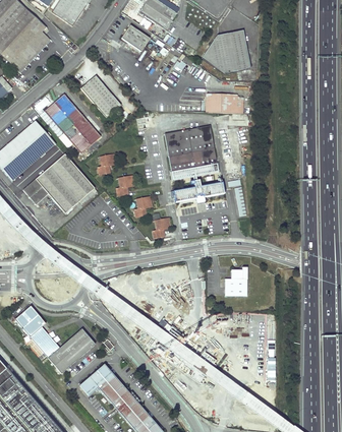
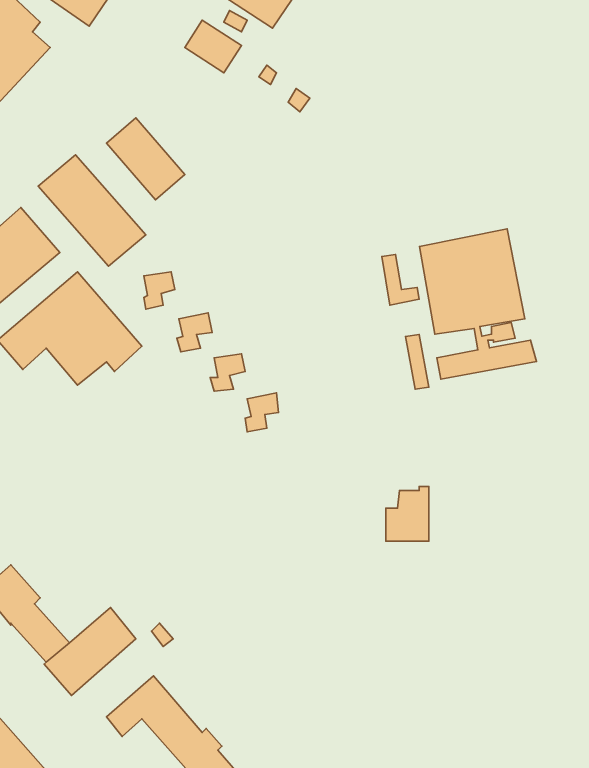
building: [200,29,248,73] -> none
building: [205,92,242,113] -> none
building: [164,126,225,204] -> [419,229,537,379]

